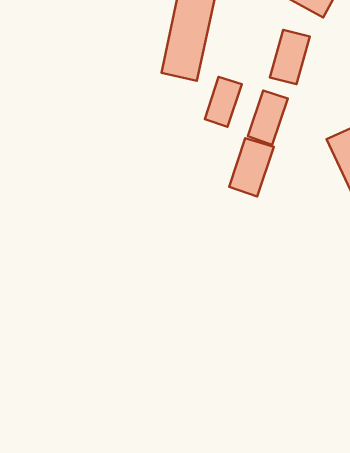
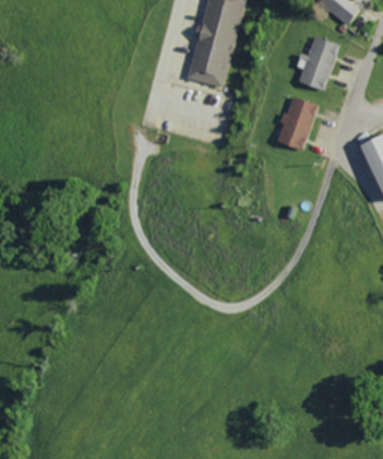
building: [205,77,242,127] -> none
building: [229,138,274,197] -> none

